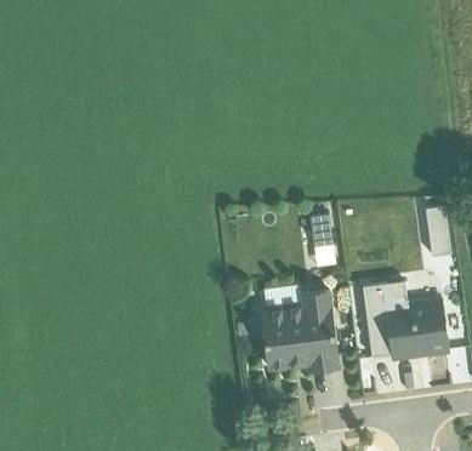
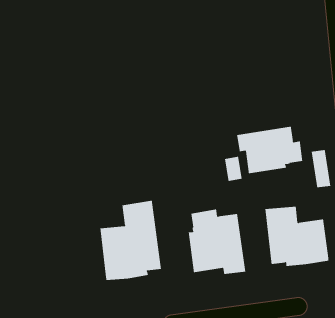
building: none -> [236,126,303,174]
building: none -> [100,200,161,281]

